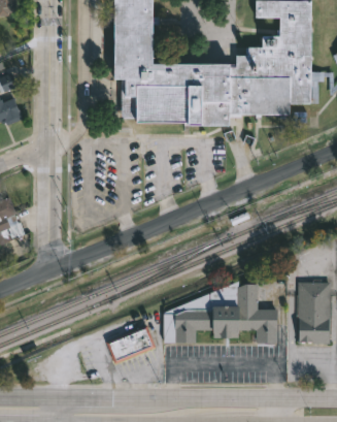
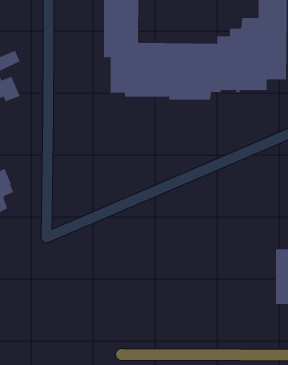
building: [164,282,277,344] -> none
building: [106,326,157,365] -> none

